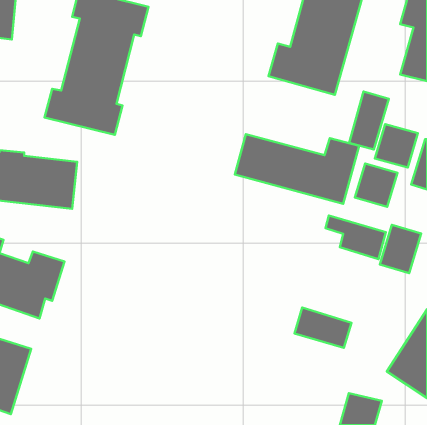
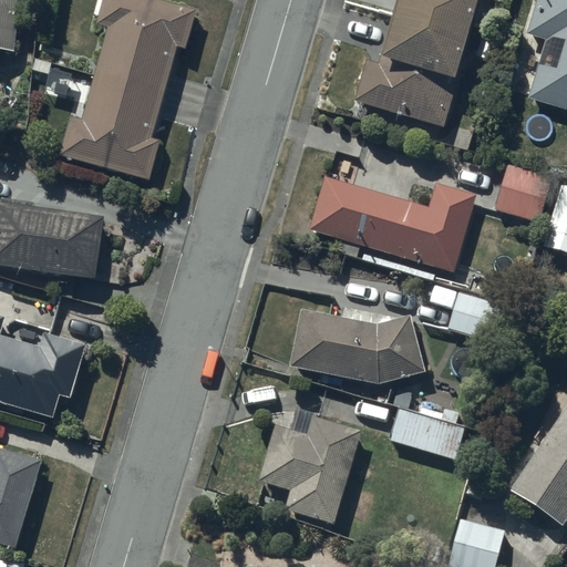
building: [349,91,389,150] -> none
building: [355,163,398,207] -> none
building: [380,225,421,273] -> none
building: none -> [291,310,426,383]
building: none -> [259,406,360,523]

